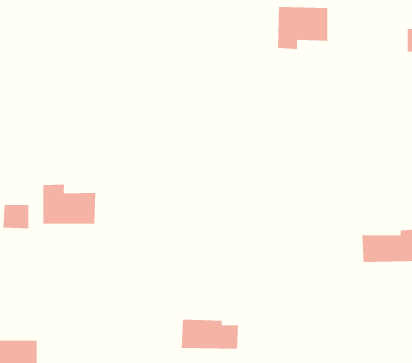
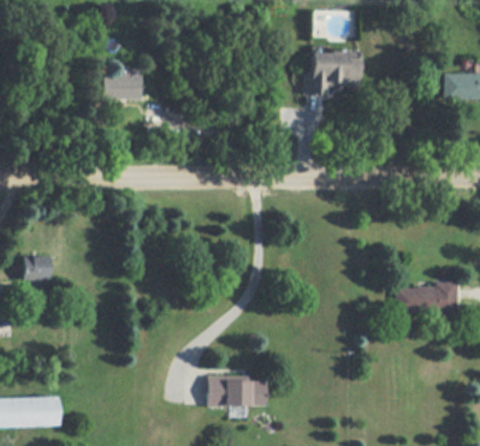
building: none -> [105,75,143,99]
building: [43,184,96,225] -> none

